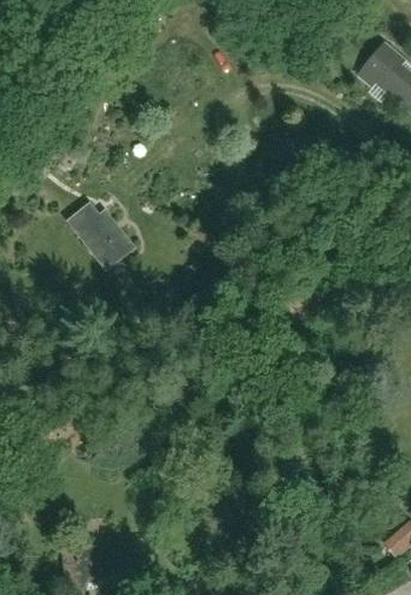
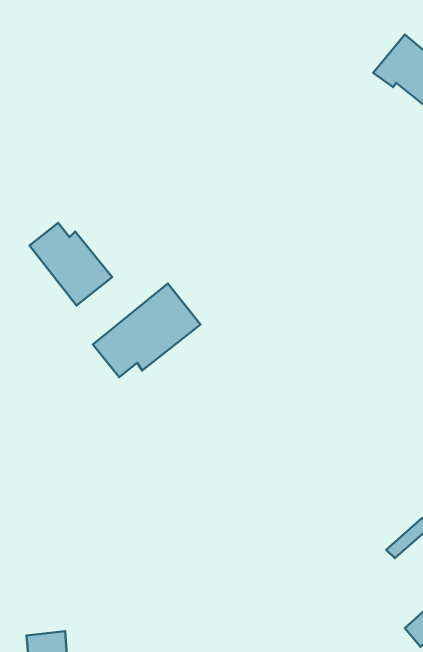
building: none -> [93,283,201,377]

